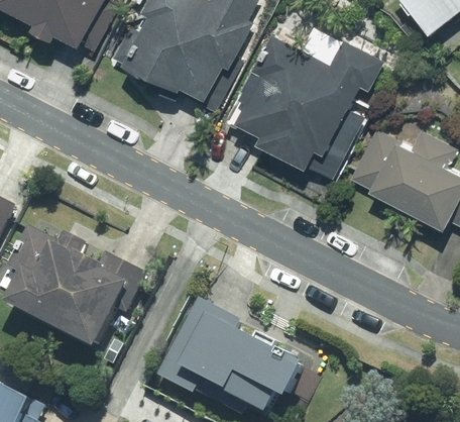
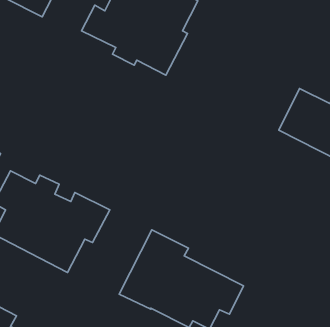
building: [238,32,383,166] -> none

